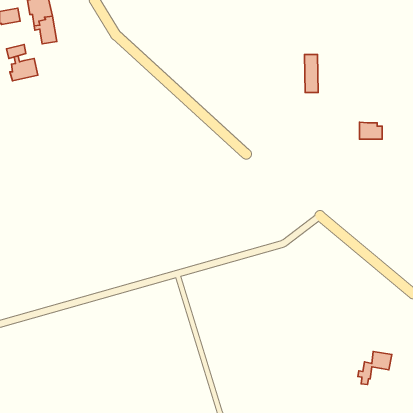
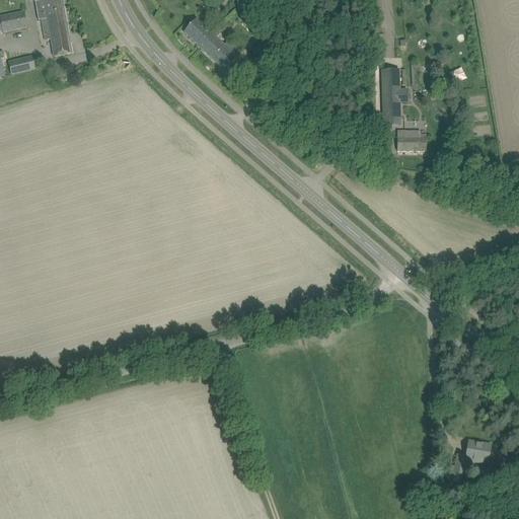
building: none -> [182,17,240,70]
building: [10,56,38,81] -> none
building: [359,122,382,139] -> [396,129,425,150]

